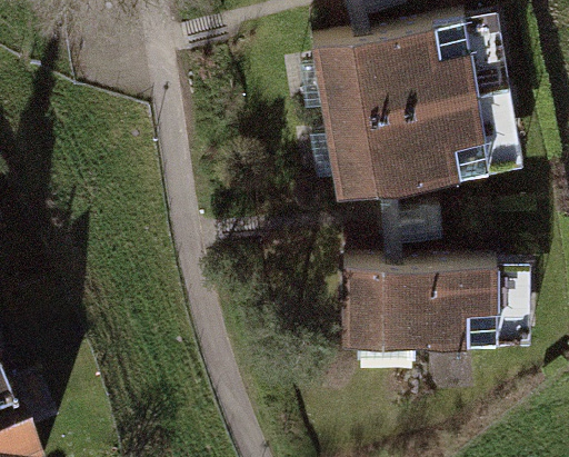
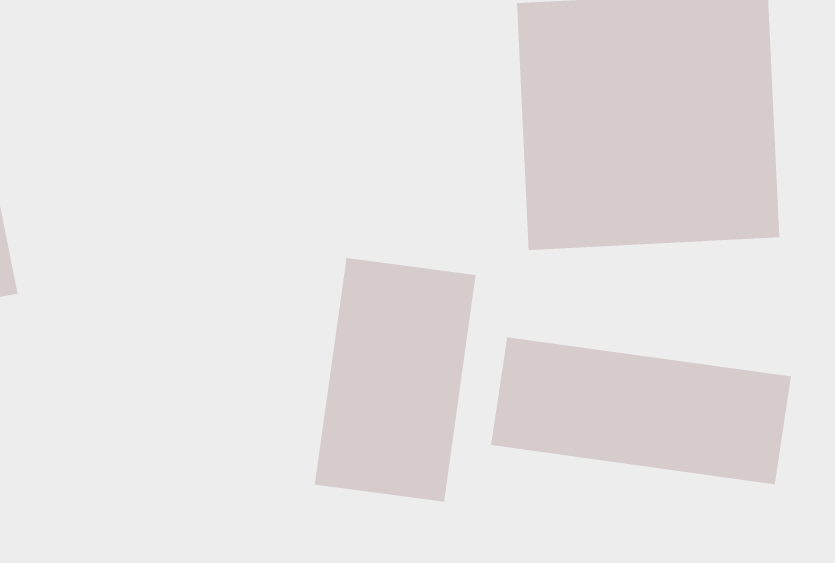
building: none -> [314,257,476,502]

